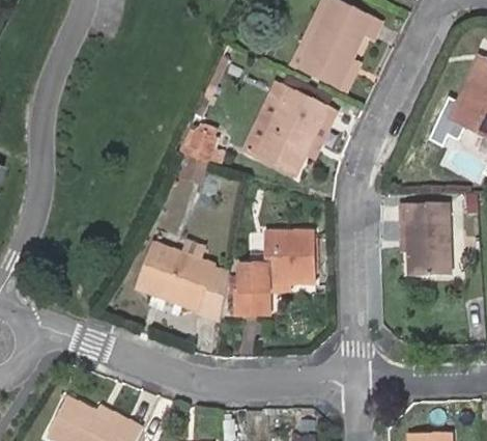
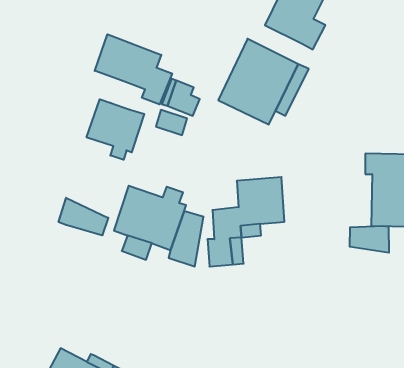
building: none -> [95,34,172,104]
building: none -> [87,99,144,160]
building: none -> [59,198,108,235]
building: none -> [350,226,389,253]

